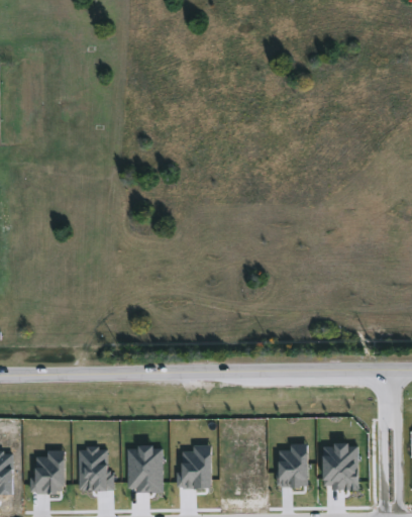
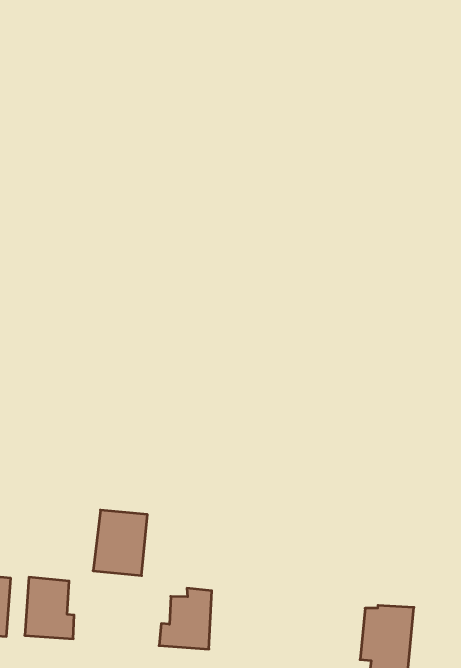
building: [277,442,308,486] -> none
building: [127,446,163,491] -> [93,510,147,576]

